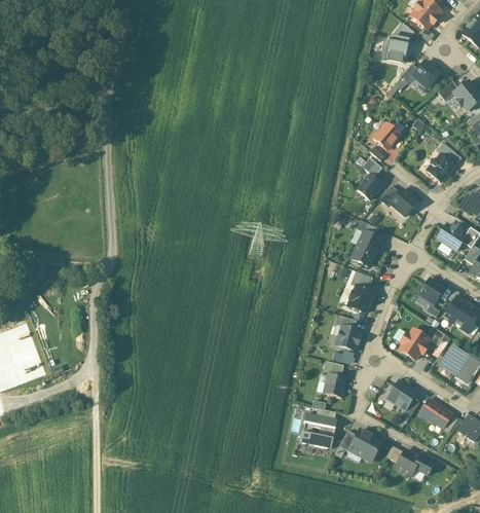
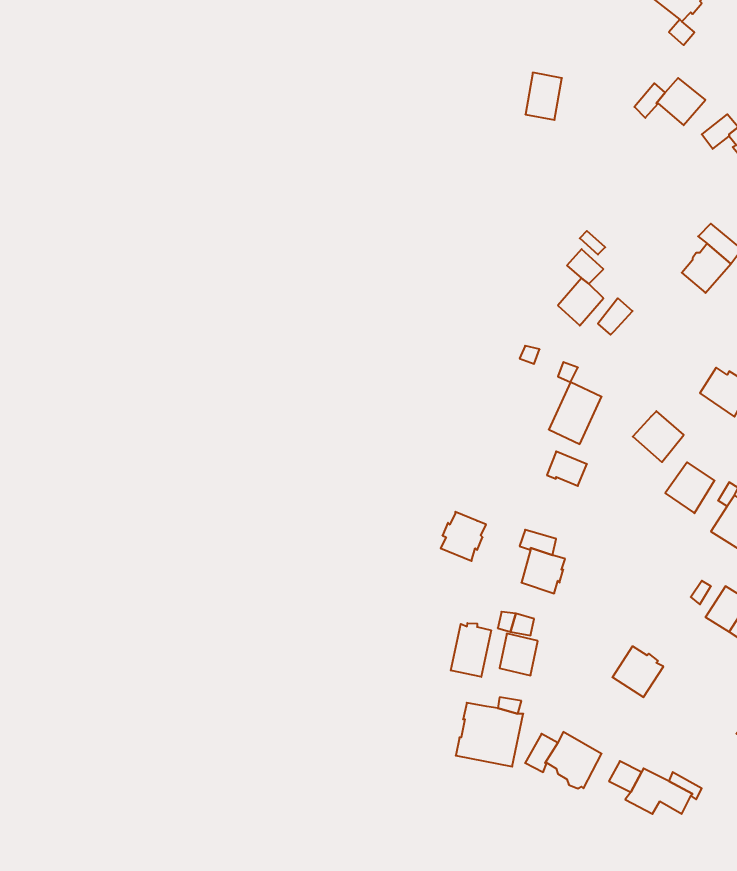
building: [386,37,407,64] -> [525,73,562,120]
building: [372,122,400,150] -> none
building: [389,189,417,218] -> [633,411,684,462]
building: [347,286,373,314] -> [441,512,486,561]
building: [399,329,430,361] -> none
building: none -> [451,623,491,677]
building: [419,399,451,428] -> none

